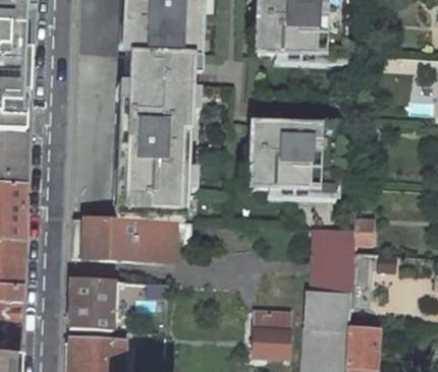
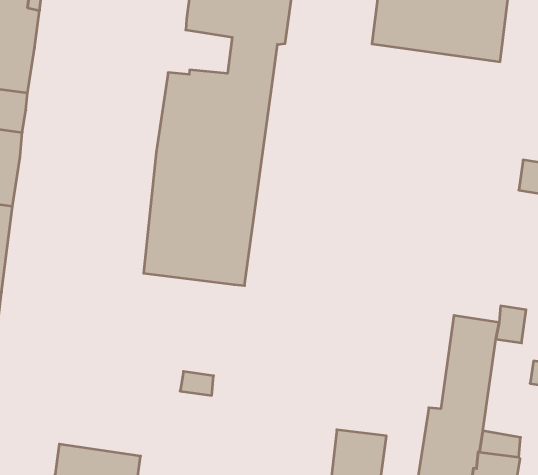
building: [250,122,337,190] -> none
building: [73,218,177,262] -> none
building: [70,276,113,329] -> none

